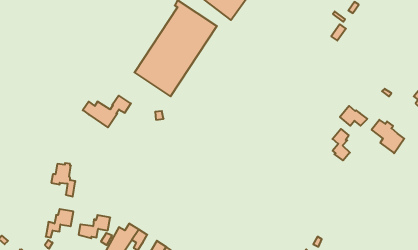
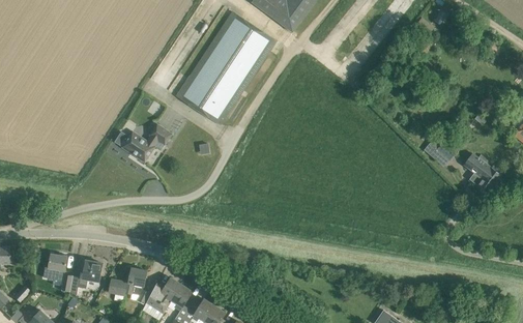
building: [332,129,350,160] -> none
building: [51,163,75,197] -> [43,254,72,294]

